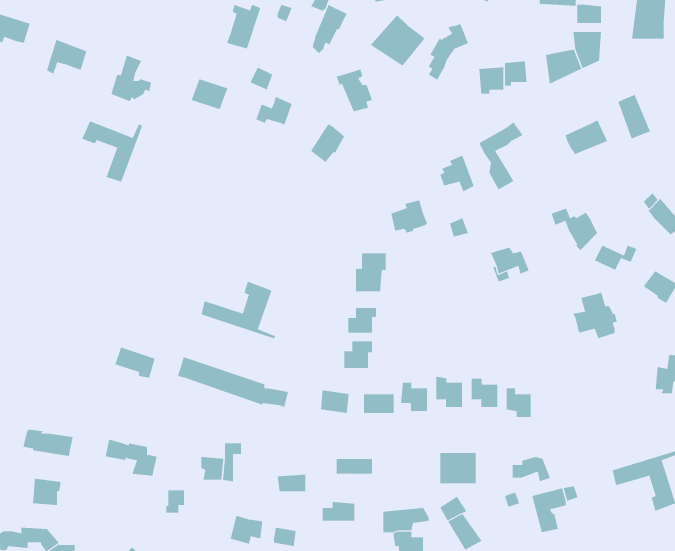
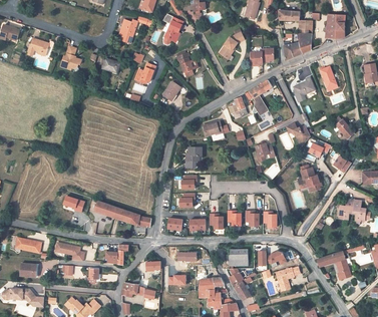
building: [370,15,425,66] -> none
building: [81,120,143,183] -> none
building: [201,281,276,339] -> none

